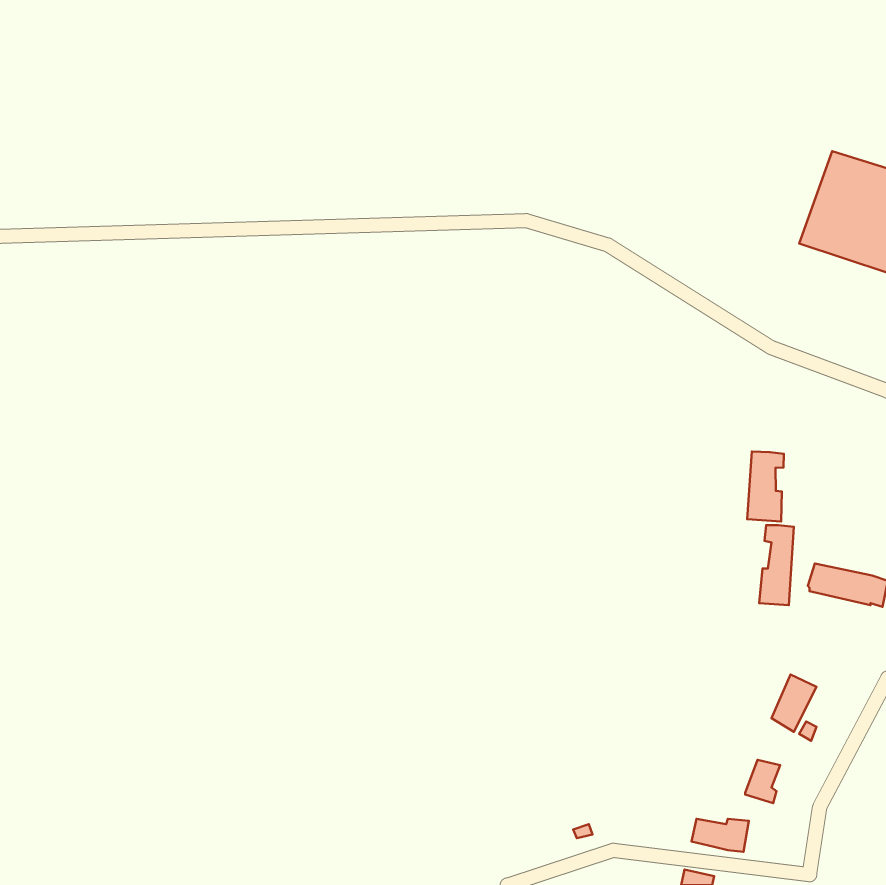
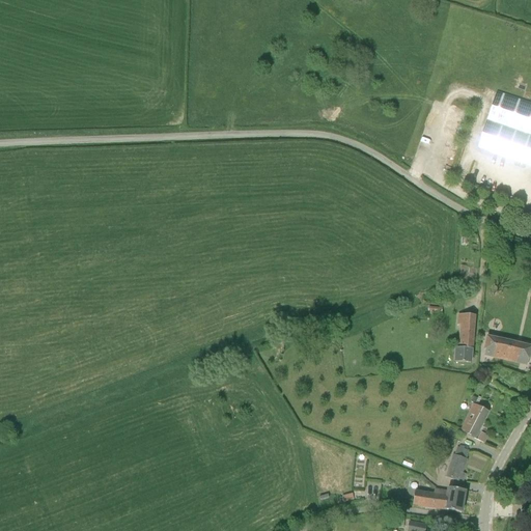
building: [747,452,784,522] -> none
building: none -> [436,486,467,511]

